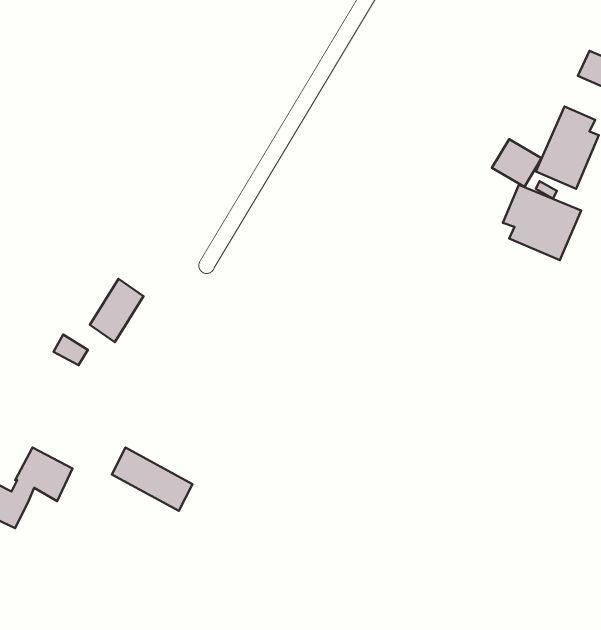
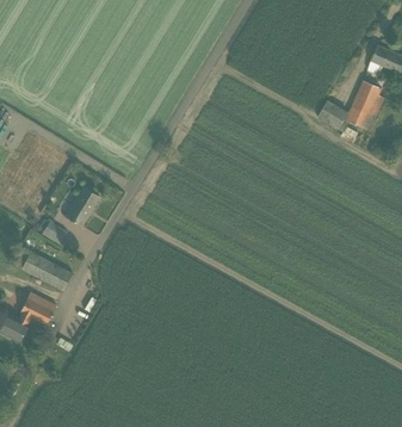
building: [503,185,581,260] -> none
building: [112,448,192,511] -> [21,250,72,290]

